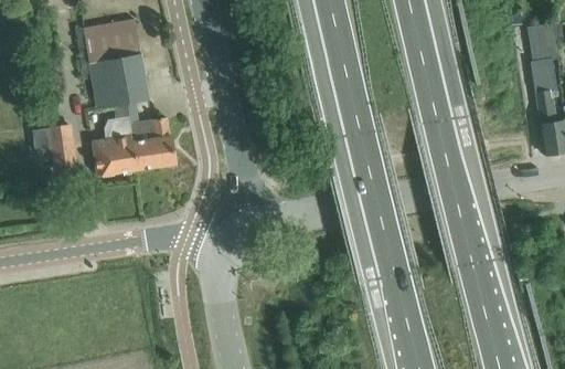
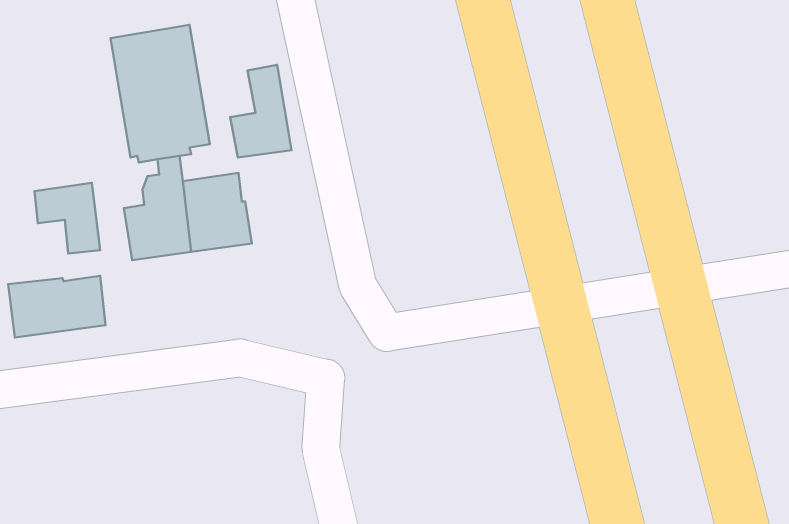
building: none -> [230,65,292,157]
building: none -> [8,276,105,338]

